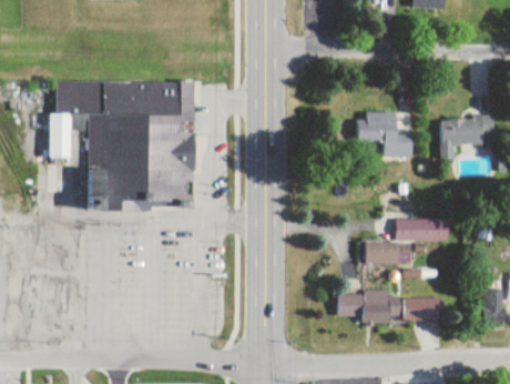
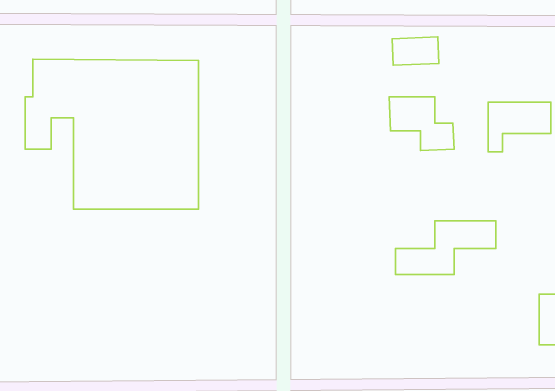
building: none -> [392,37,439,65]
building: [337,293,441,321] -> none

